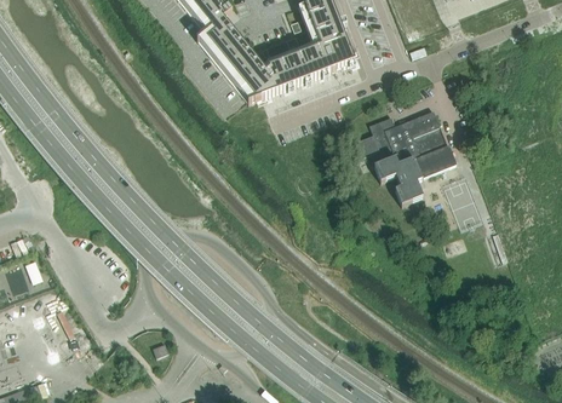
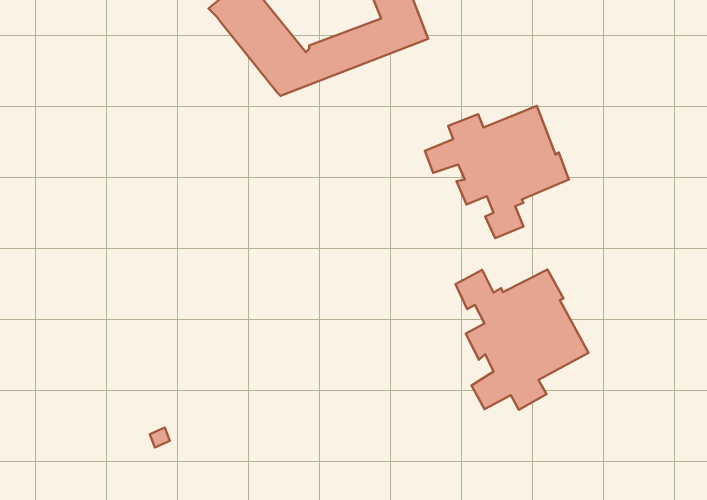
building: none -> [455,270,589,410]

